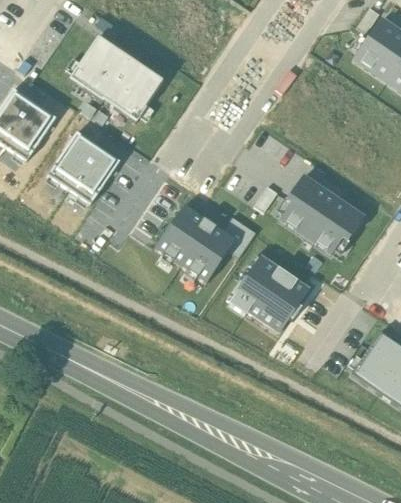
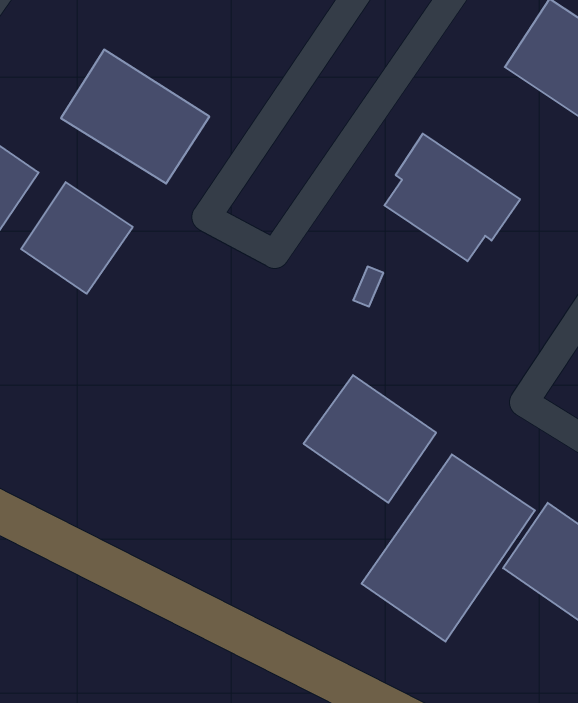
building: [279,173,364,253] -> [384,134,520,261]
building: [156,204,255,280] -> none
building: none -> [362,454,535,642]

